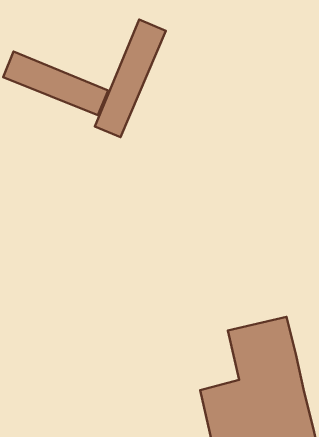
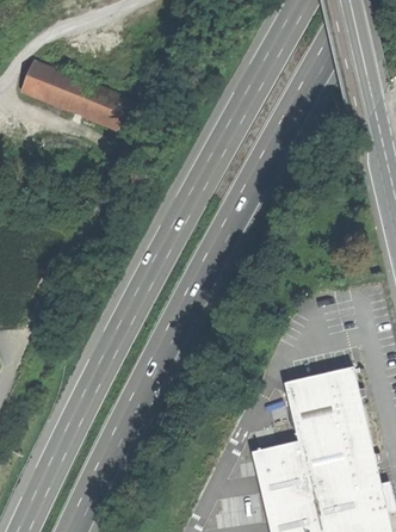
building: [95,19,166,137] -> none

